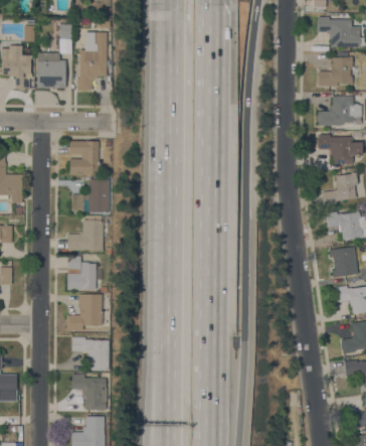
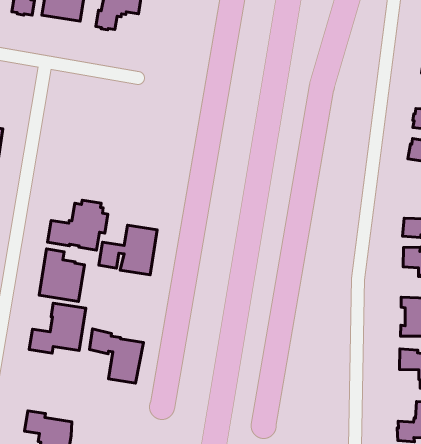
building: [69,141,99,175] -> none
building: [71,179,110,212] -> [99,225,157,275]
building: [71,336,110,370] -> [89,329,143,383]

